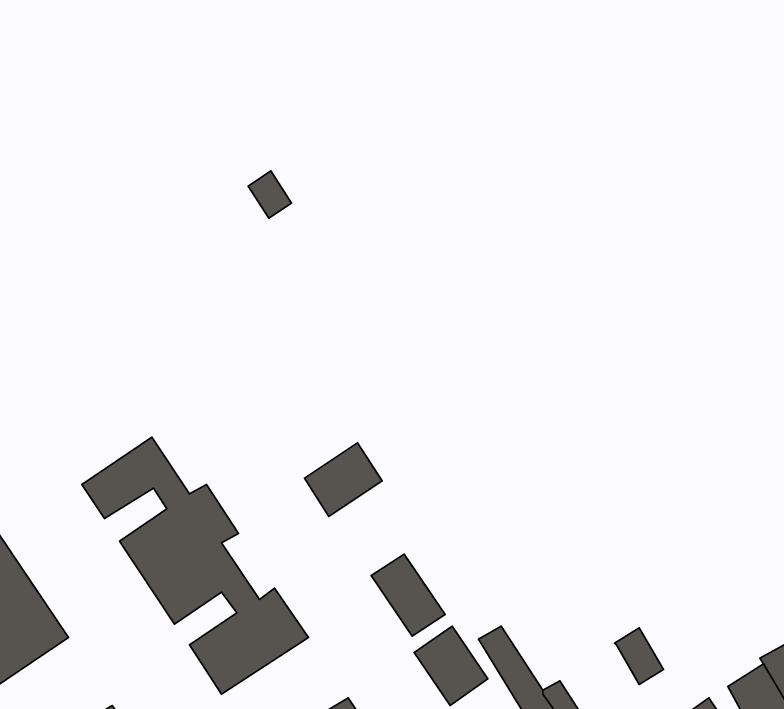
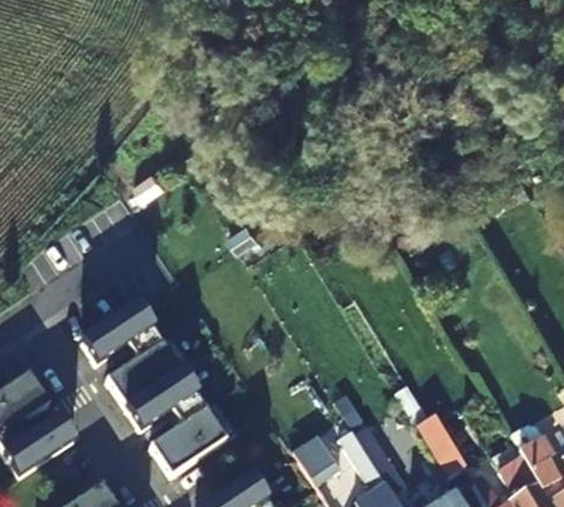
building: [304,443,382,516] -> none
building: [371,554,445,636] -> none

